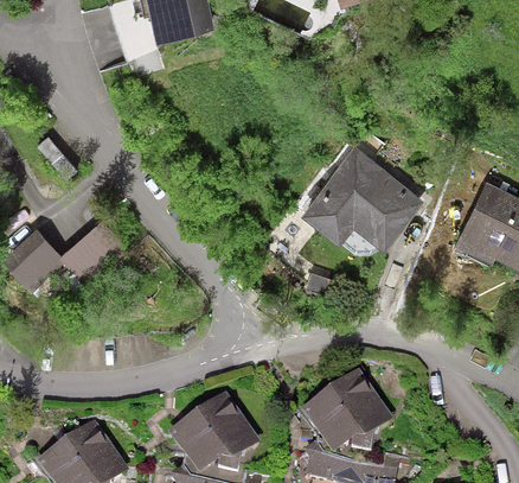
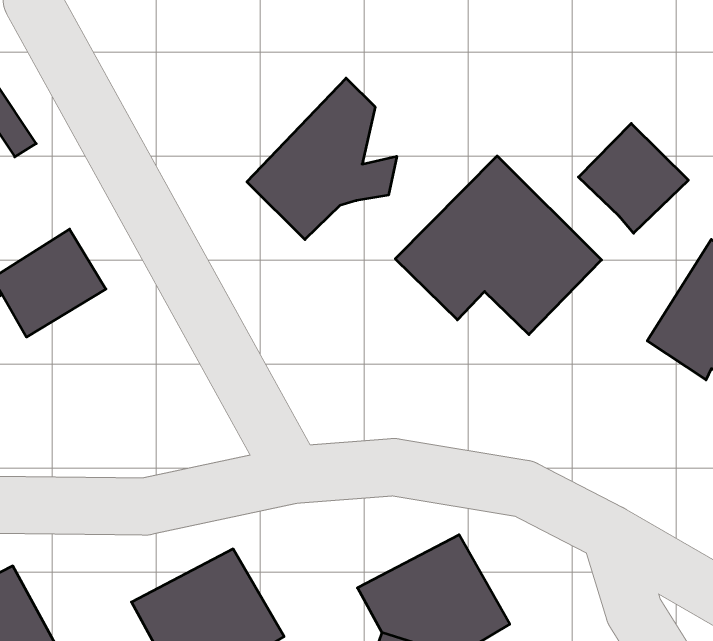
building: none -> [247,78,397,240]
building: none -> [578,123,688,233]

